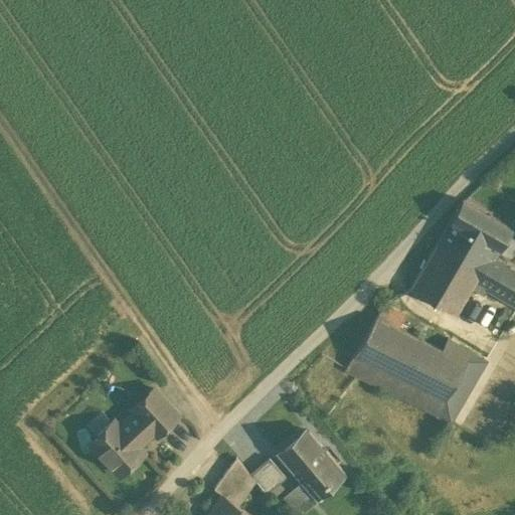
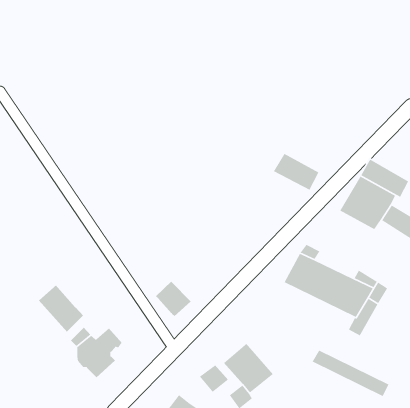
building: [411,268,470,315] -> [273,153,319,191]
building: [347,357,445,416] -> [311,350,390,397]
building: none -> [38,284,84,333]
building: [135,391,180,437] -> [155,281,191,317]
building: [215,460,258,508] -> none

